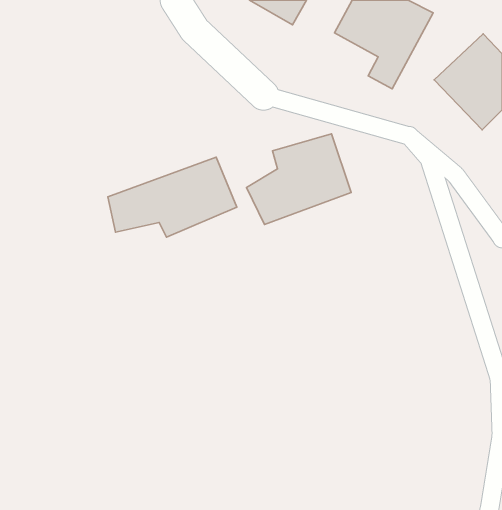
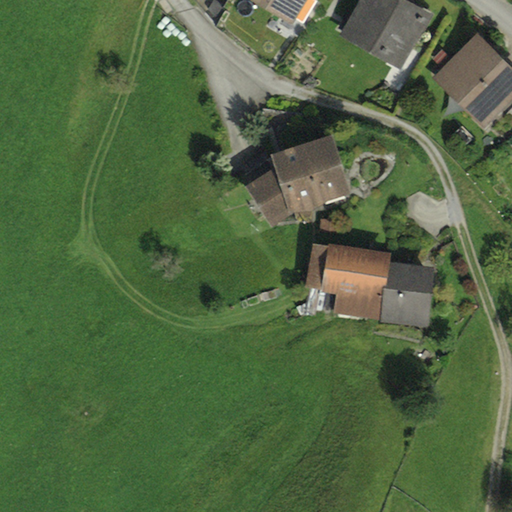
building: [108,157,237,237] -> none
building: none -> [320,247,435,324]

